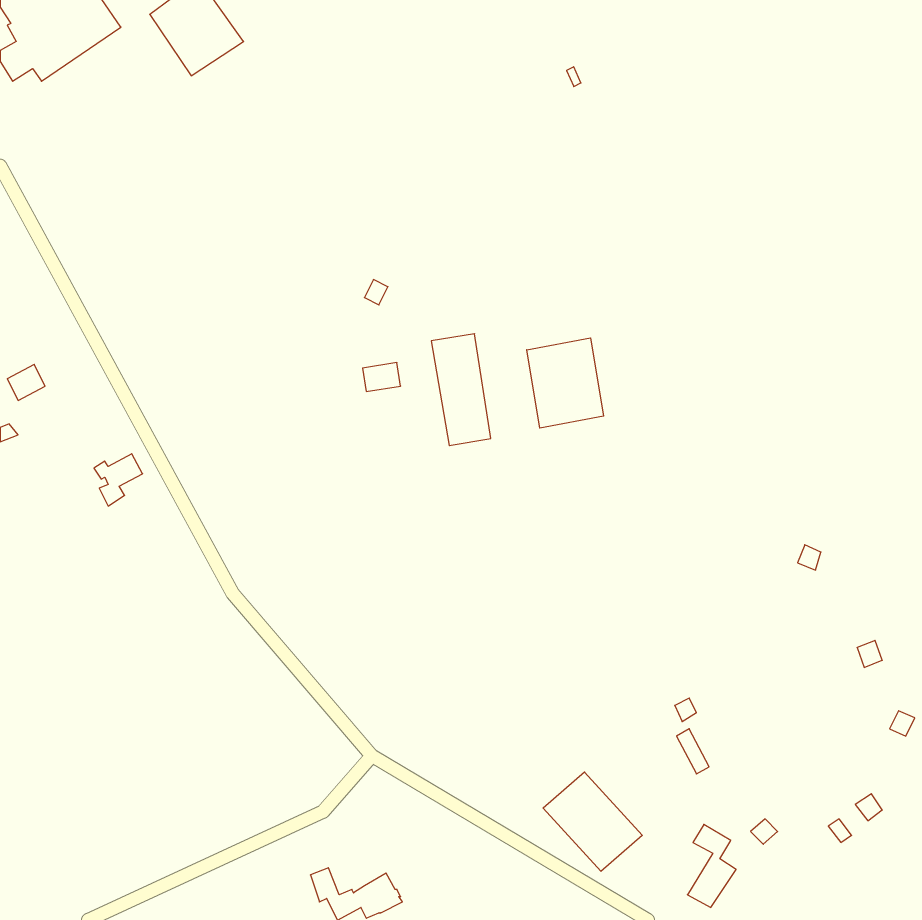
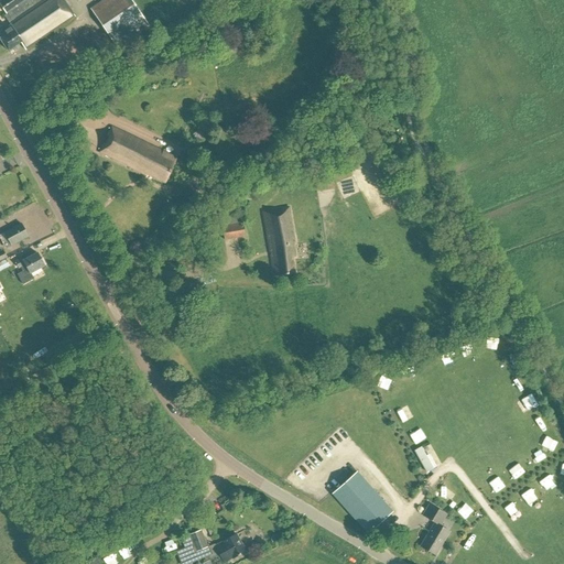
building: none -> [99,127,175,182]
building: [527,338,604,428] -> none
building: [94,454,143,506] -> [14,252,44,284]

